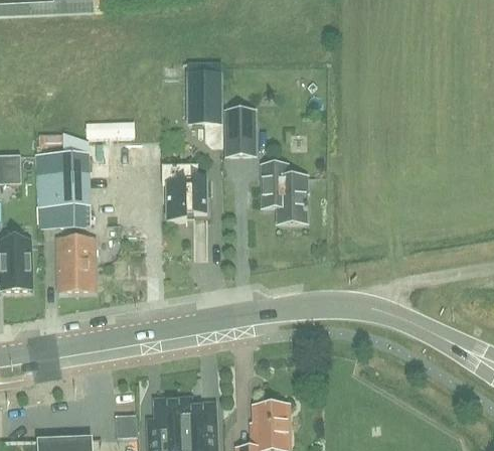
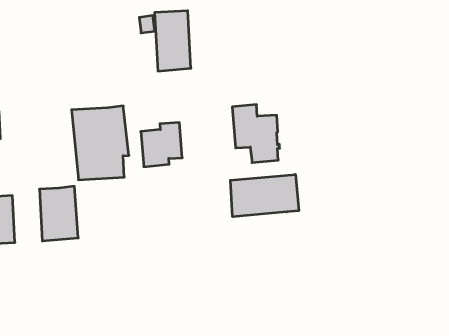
building: [225,108,255,153] -> none
building: [35,153,92,227] -> [72,106,129,180]
building: none -> [230,174,299,217]

